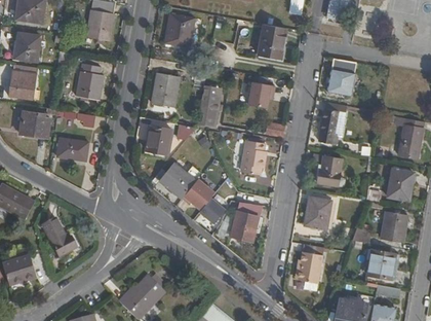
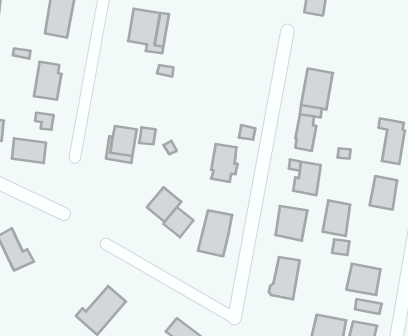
building: [258,25,285,59] -> none
building: [152,73,180,108] -> none
building: [247,83,271,110] -> none
building: [197,85,220,126] -> none
building: [160,164,196,199] -> none
building: [381,210,406,243] -> [323,200,350,236]

